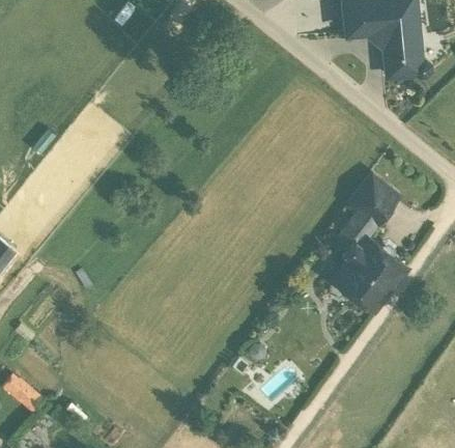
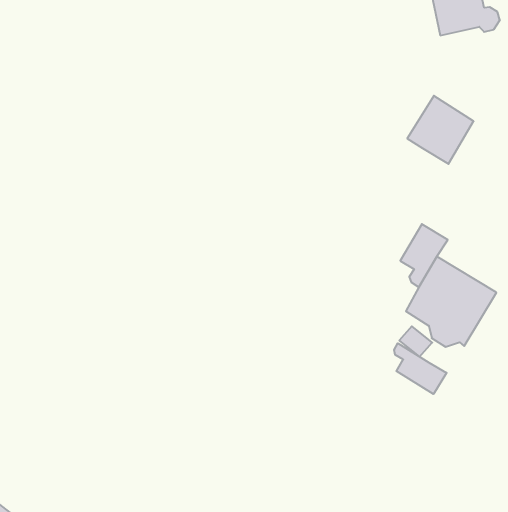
building: [347,175,397,226] -> [407,96,474,164]
building: none -> [394,343,447,394]

